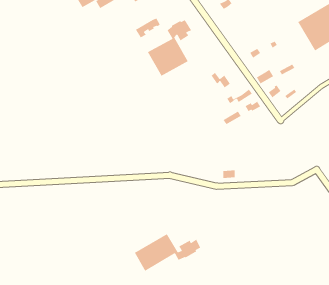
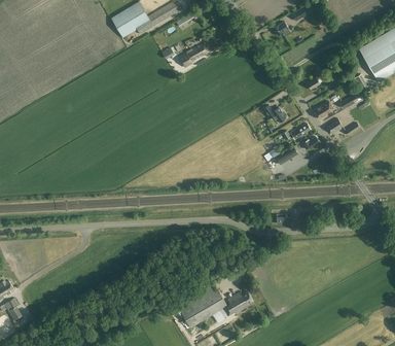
building: [147,19,192,77] -> none

